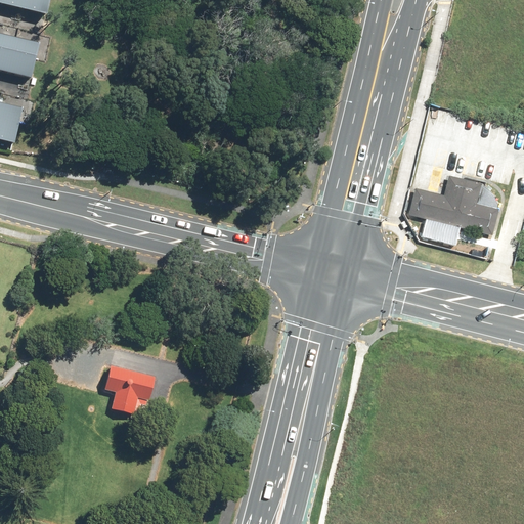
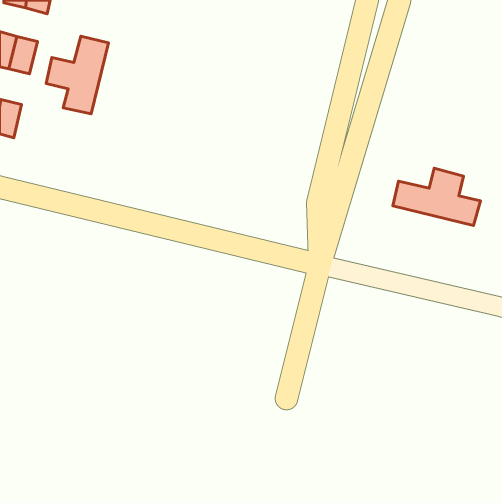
building: none -> [46,36,108,114]
building: [104,364,155,413] -> none

